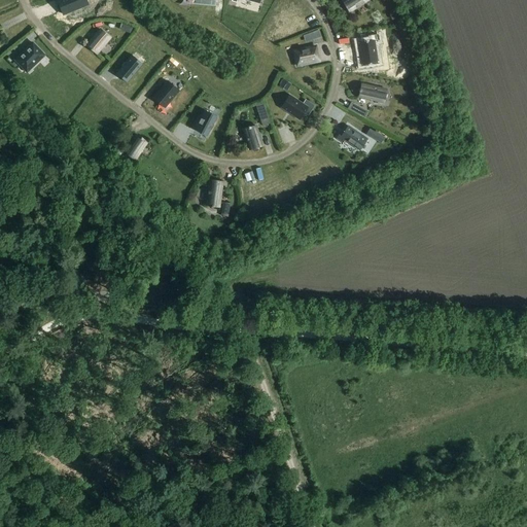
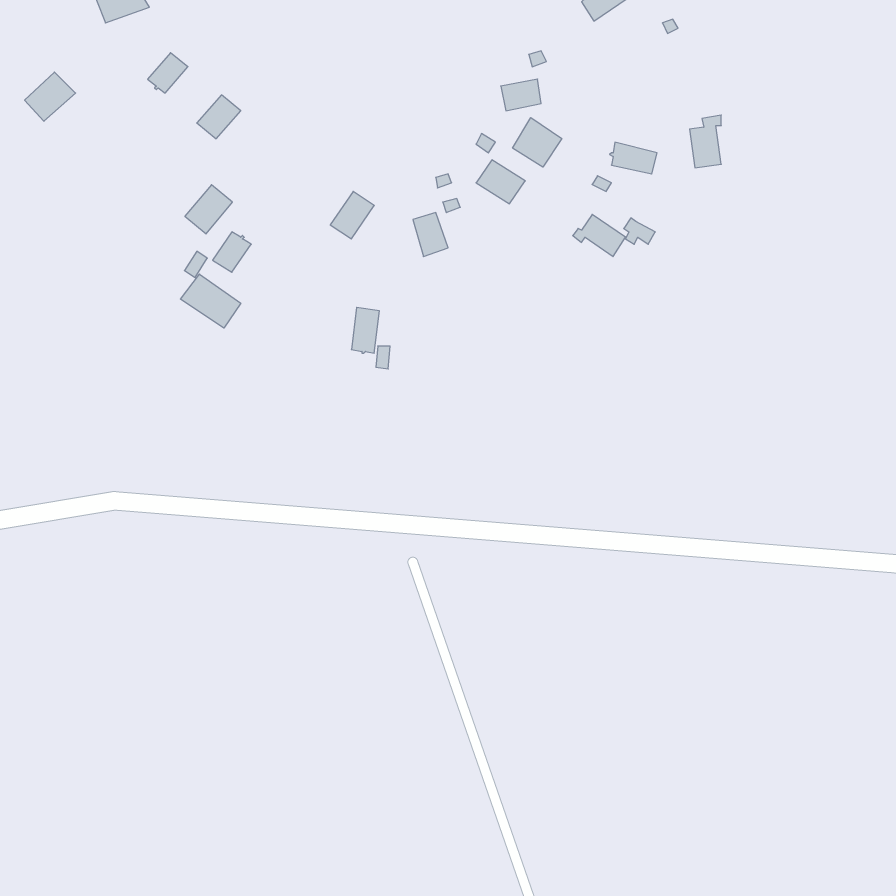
building: [357,34,376,65] -> [690,115,721,168]
building: none -> [513,118,562,167]
building: [151,79,179,108] -> [185,185,232,234]
building: none -> [180,274,241,328]

